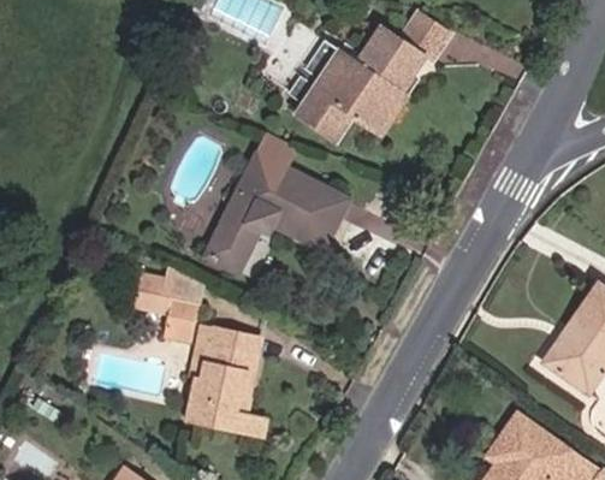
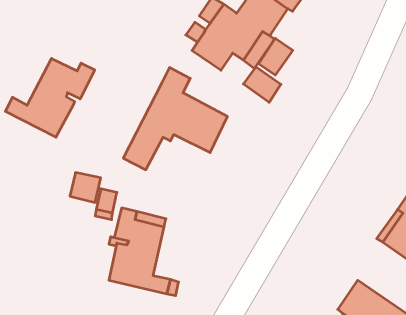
building: none -> [258,38,293,75]
building: none -> [5,58,95,137]
building: none -> [243,67,281,102]

